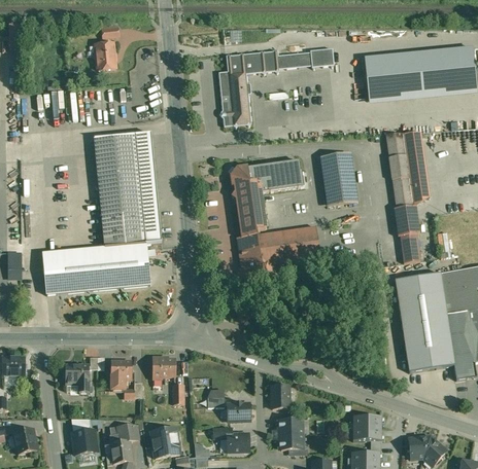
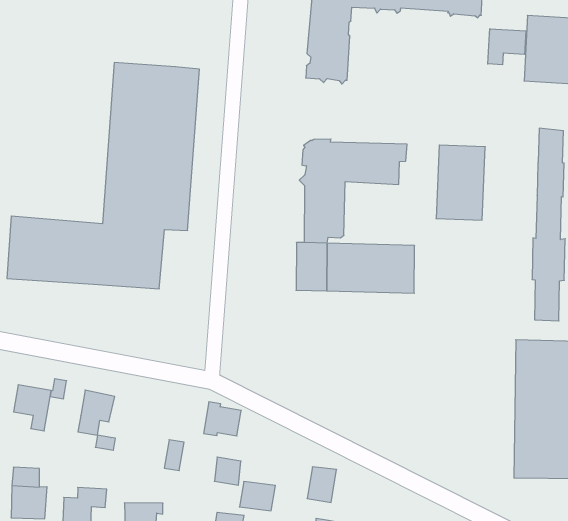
building: none -> [488,29,526,65]
building: [152,356,175,377] -> [204,402,241,436]

